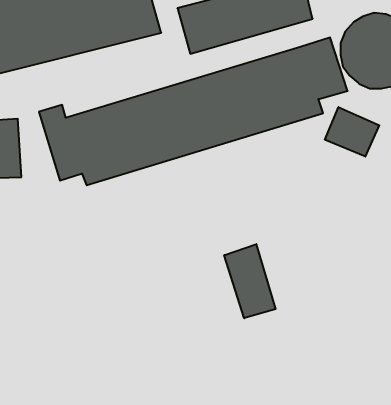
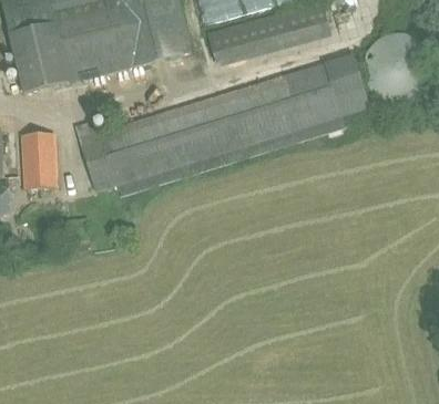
building: [325,107,379,157] -> none
building: [224,244,276,318] -> none

